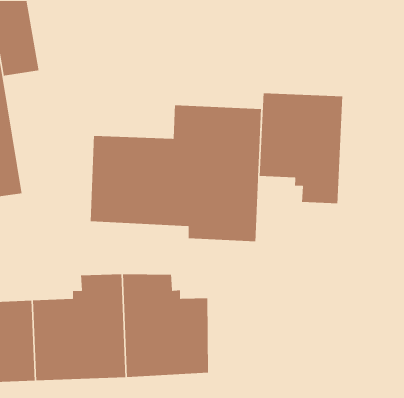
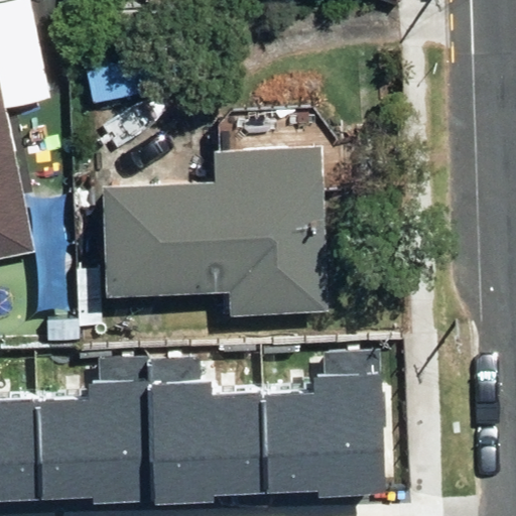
building: [259,93,343,204] -> none
building: none -> [261,356,376,484]

